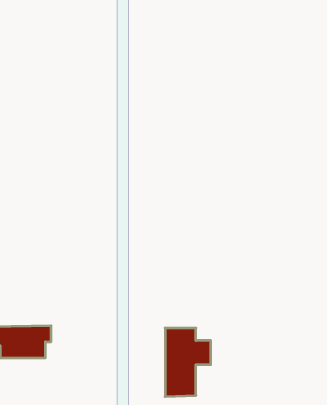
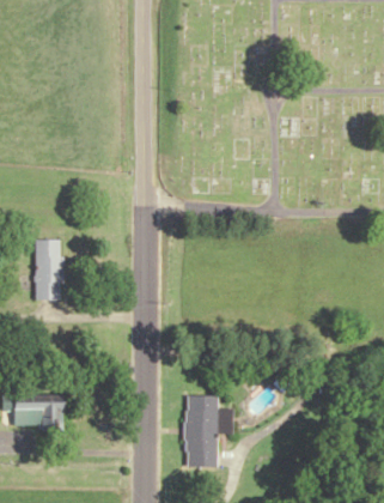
building: none -> [35,241,61,301]

